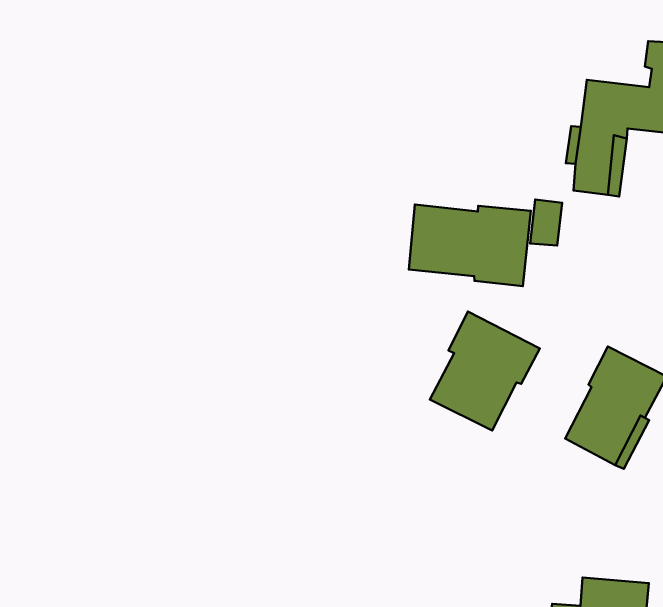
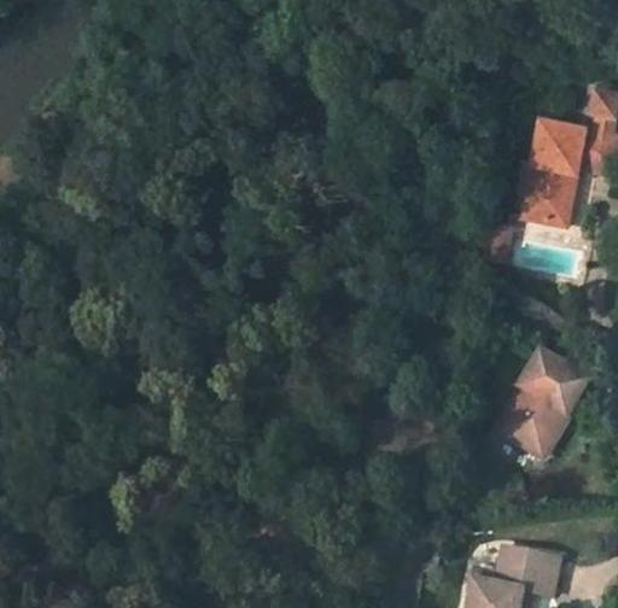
building: [409,204,531,286] -> none
building: [430,312,540,431] -> none

